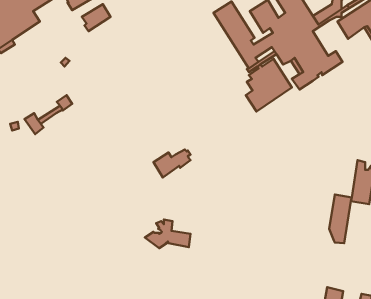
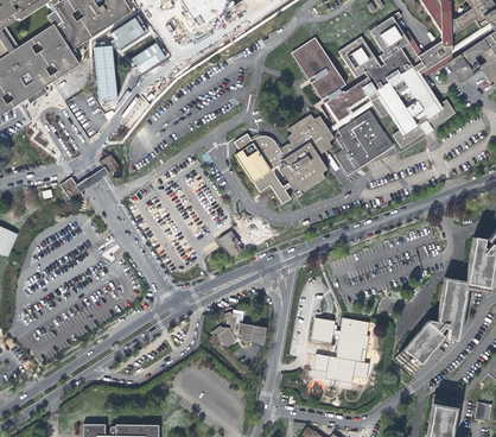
building: none -> [95,45,117,102]
building: none -> [233,113,335,203]
building: none -> [311,316,368,381]
building: none -> [395,318,444,374]

